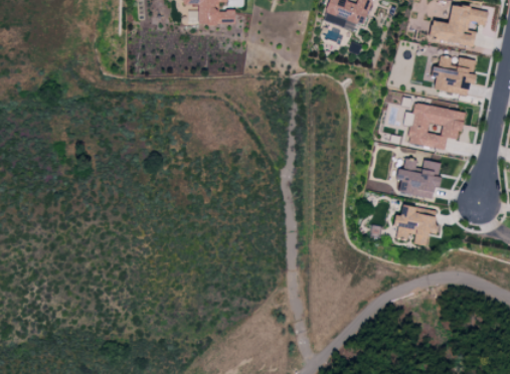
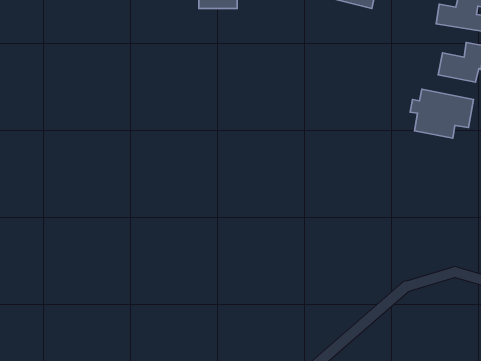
building: [398,157,442,198] -> none
building: [393,204,438,245] -> none

